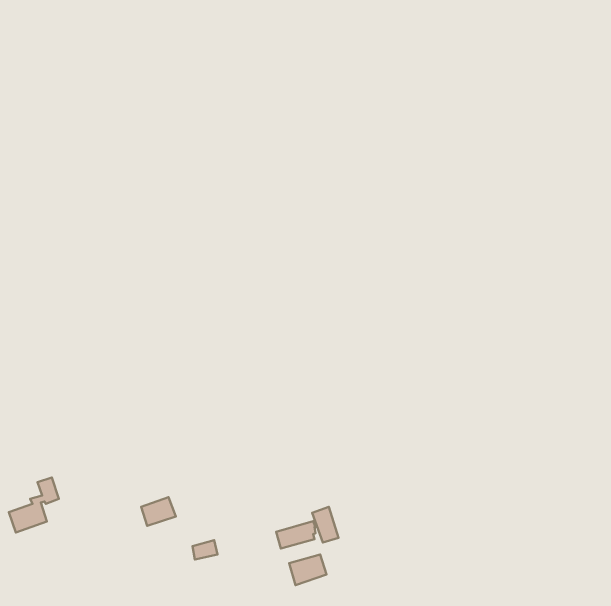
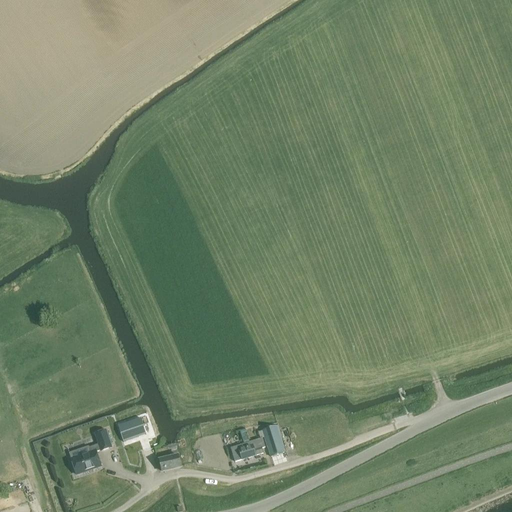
building: [9,477,59,532] -> [70,427,112,473]
building: [289,554,326,585] -> none

